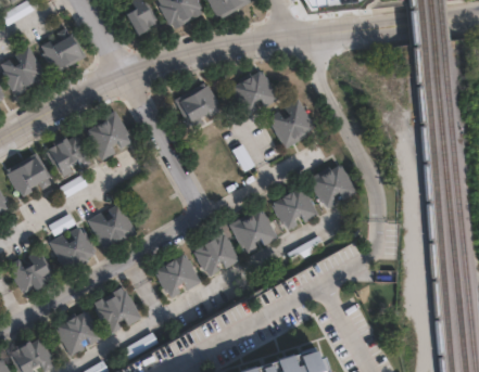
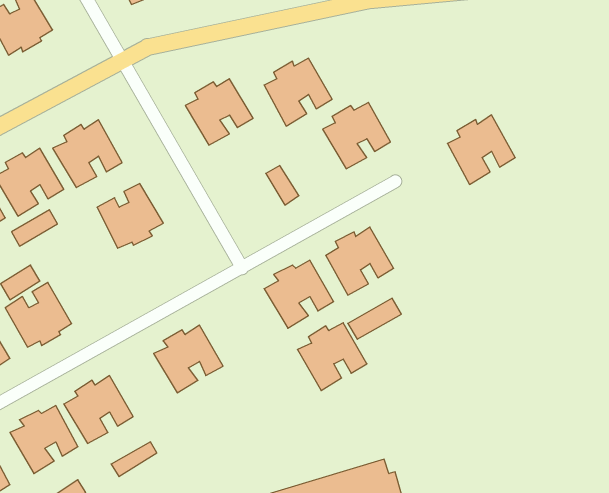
building: [312,165,358,213] -> [447,115,515,184]
building: [90,203,136,247] -> [97,184,163,248]
building: [191,234,239,281] -> [297,323,367,391]

